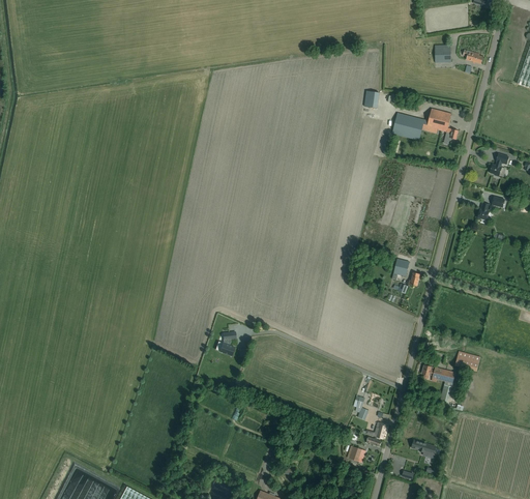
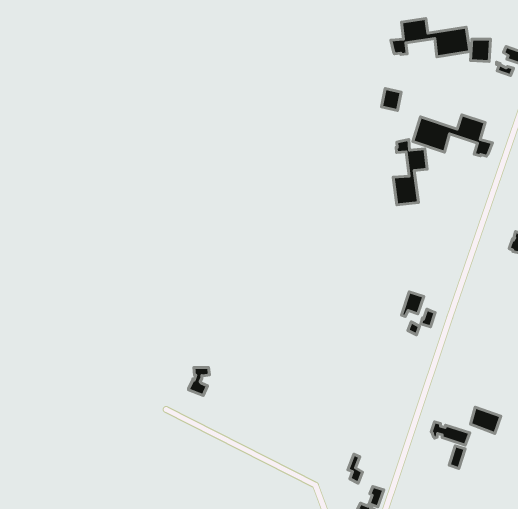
building: none -> [391,18,470,57]
building: none -> [393,140,427,205]

